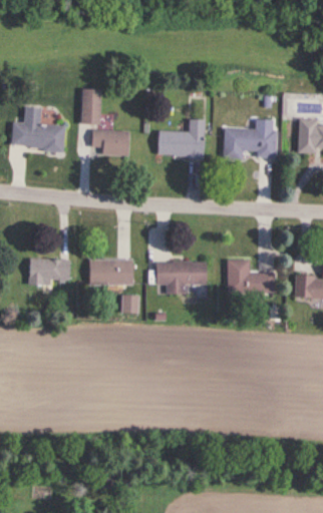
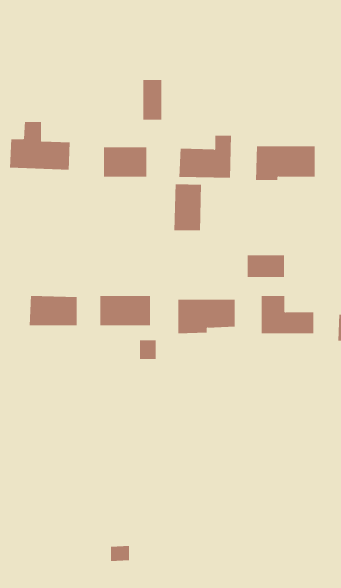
building: [82,89,99,124] -> [142,80,162,120]
building: none -> [174,183,201,231]
building: none -> [247,254,284,278]

